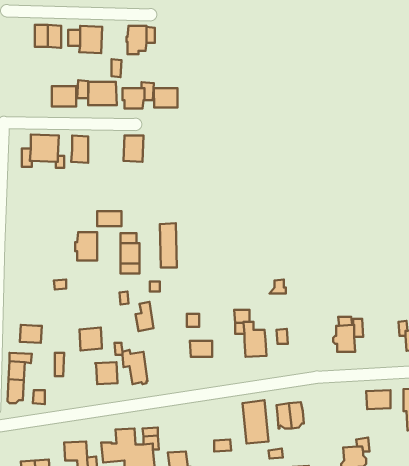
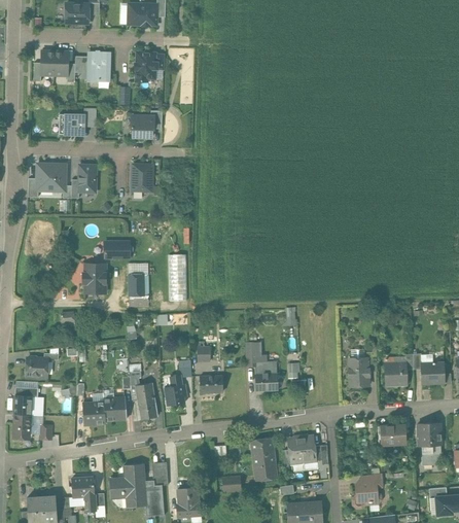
building: [88,82,117,105] -> none
building: [154,88,178,108] -> none
building: [135,302,154,331] -> [165,373,183,403]
building: [80,327,102,351] -> [82,399,105,423]
building: none -> [385,363,407,385]

